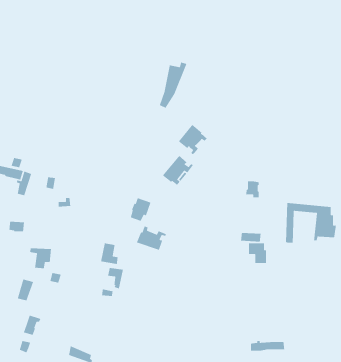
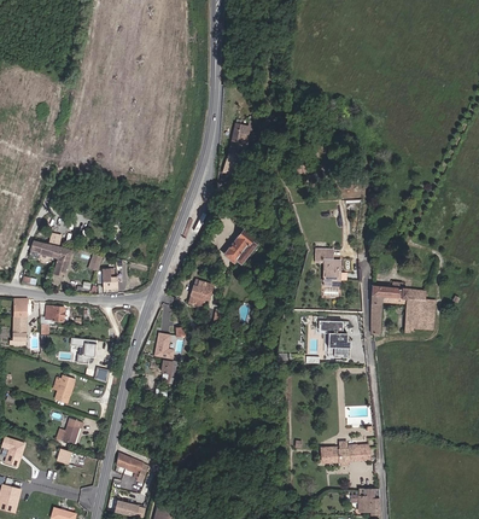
building: [178,124,207,155] -> none
building: [136,225,167,251] -> none

